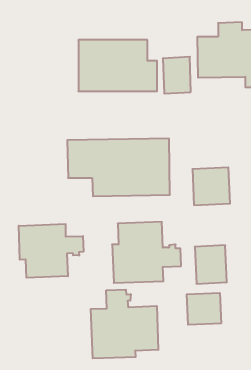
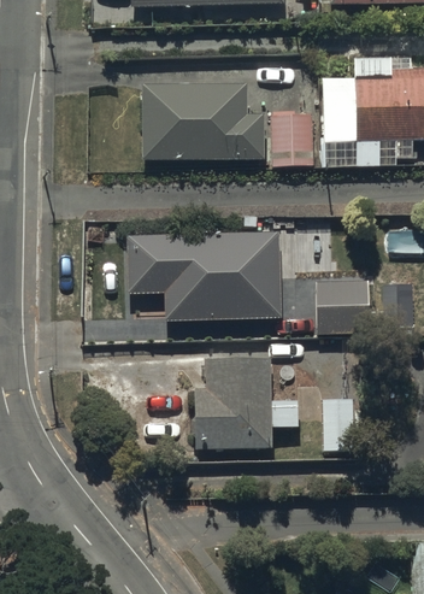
building: [19,224,83,278] -> none
building: [91,290,158,358] -> none
building: [187,293,221,325] -> none

